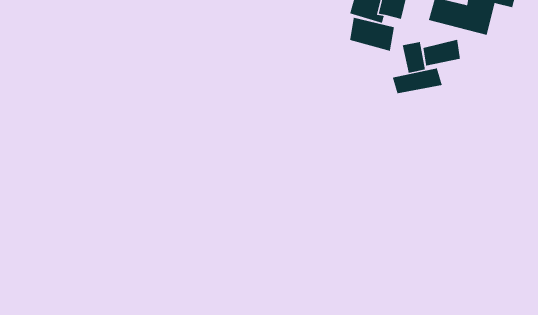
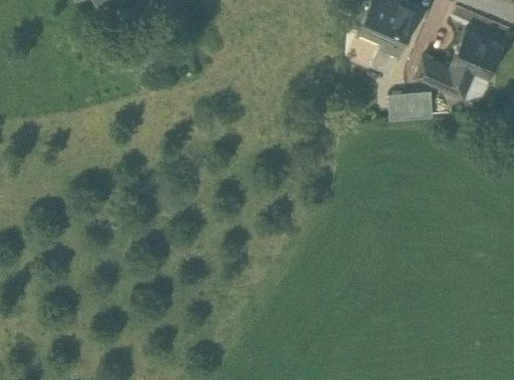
building: [349,17,395,52] -> none
building: [392,68,443,94] -> none

